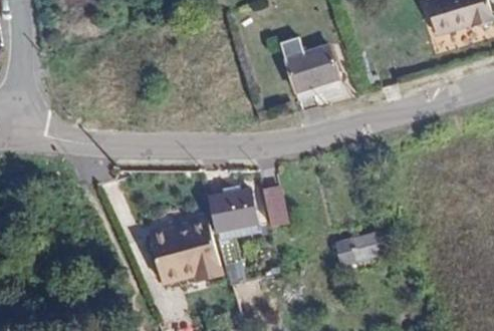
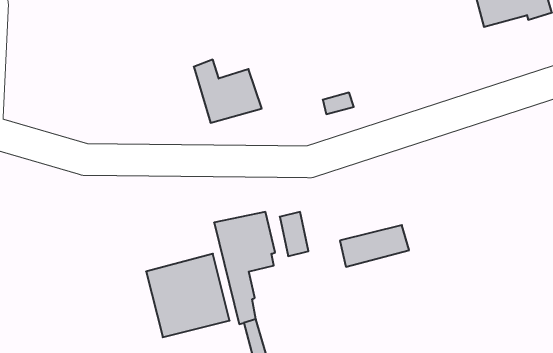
building: [281,37,338,90] -> [194,60,262,123]
building: [336,228,395,263] -> [340,225,409,267]

